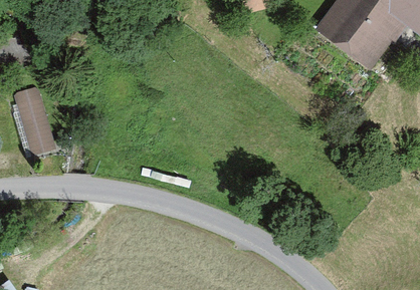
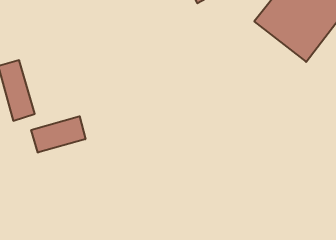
building: none -> [31,116,85,153]

